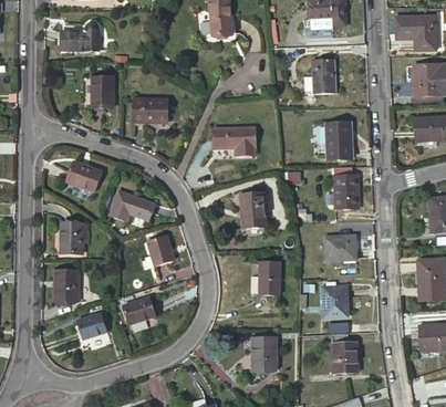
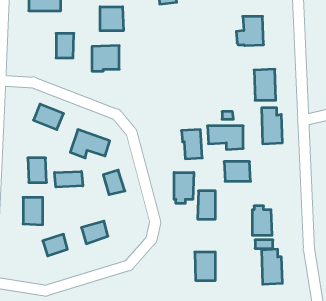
building: none -> [100,7,123,31]
building: [215,129,257,157] -> [207,126,243,149]
building: [328,234,359,258] -> [224,162,251,181]
building: none -> [55,171,83,187]
building: none -> [174,172,194,203]

